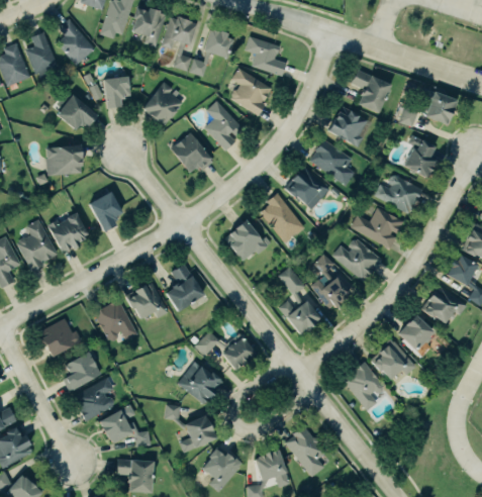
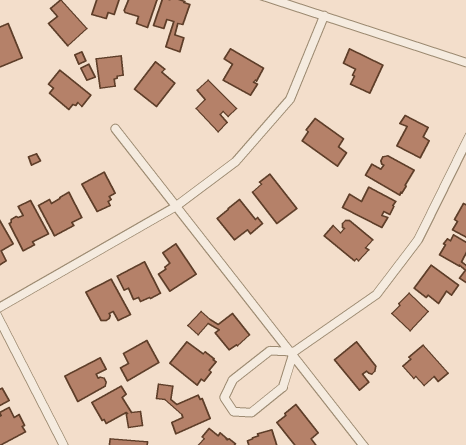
building: [189,29,233,76] -> none
building: [24,32,59,78] -> none
building: [245,36,287,77] -> none
building: [399,88,457,126] -> none
building: [327,106,367,147] -> none
building: [170,132,213,174] -> none
building: [44,144,83,176] -> none
building: [284,167,328,209] -> none
building: [308,253,352,309] -> none
building: [277,267,321,337] -> none
building: [39,318,82,358] -> none
building: [370,338,415,379] -> [403,345,448,385]
building: [62,352,100,392] -> [120,340,159,381]

